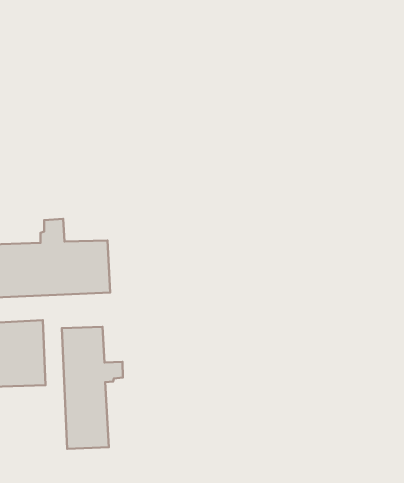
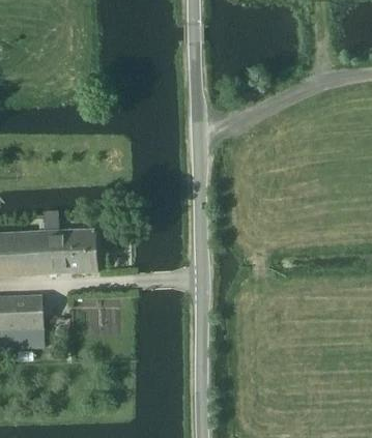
building: [62,327,123,449] -> none

